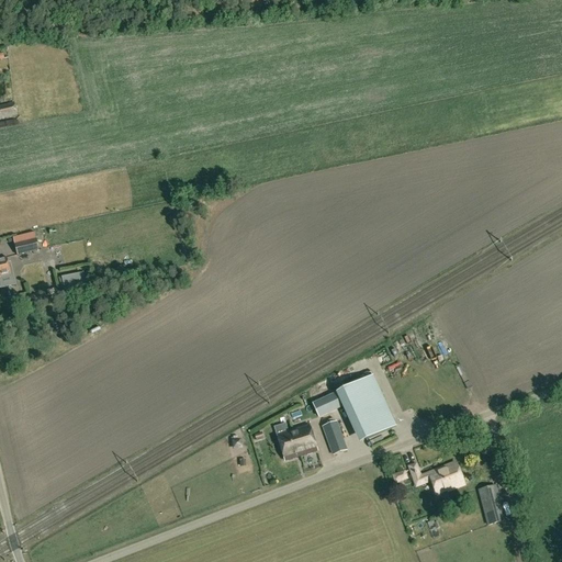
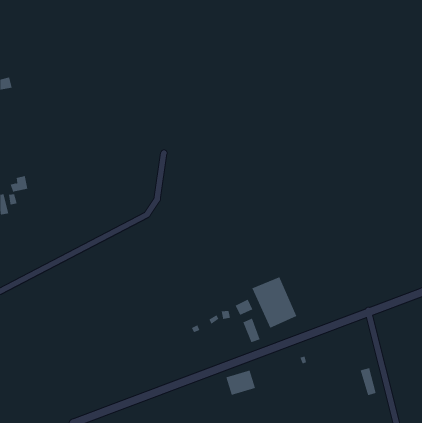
building: [276,426,316,460] -> [225,370,256,396]
building: [407,463,463,495] -> none

